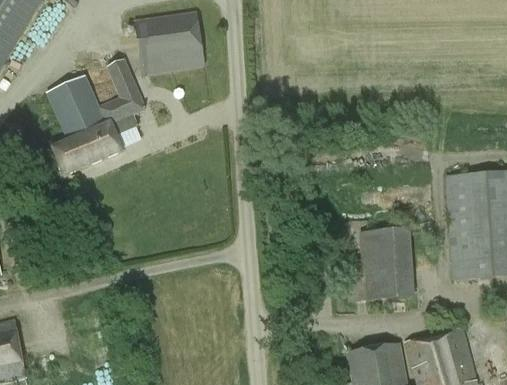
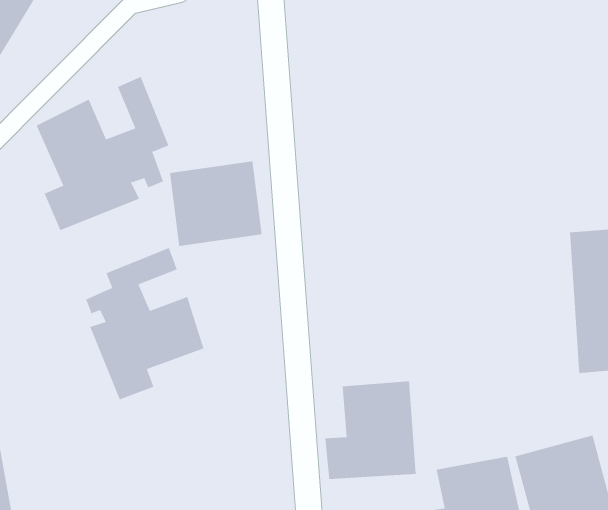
building: [134,10,204,74] -> [169,161,262,246]
building: none -> [85,247,204,400]
building: [345,227,414,301] -> [325,381,417,480]

